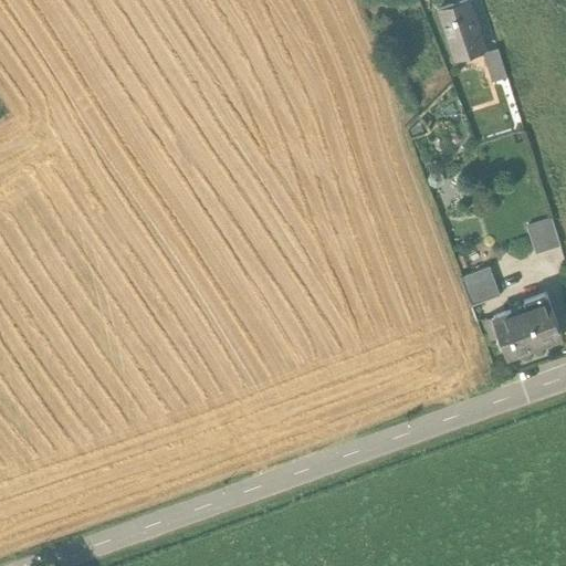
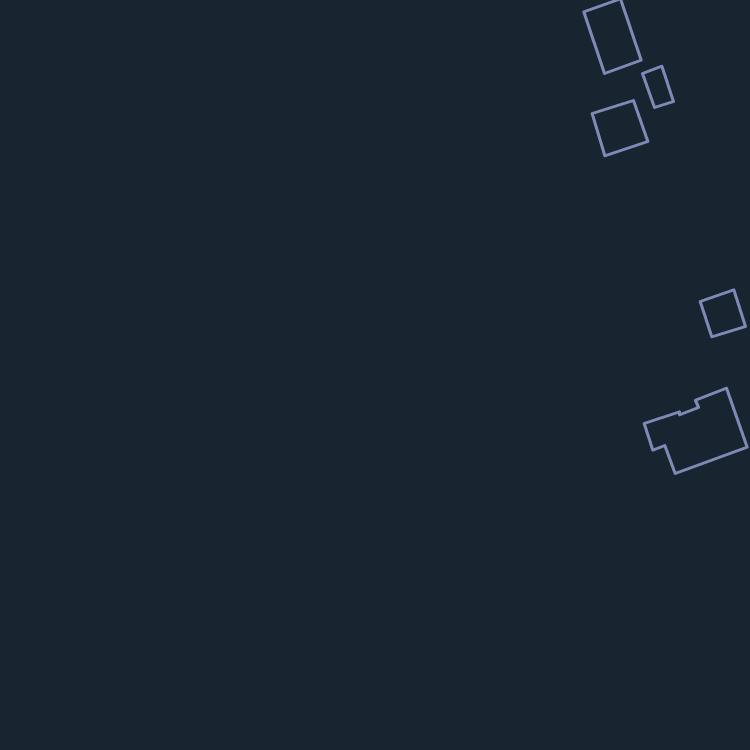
building: none -> [592,100,648,156]
building: [460,266,501,306] -> none

